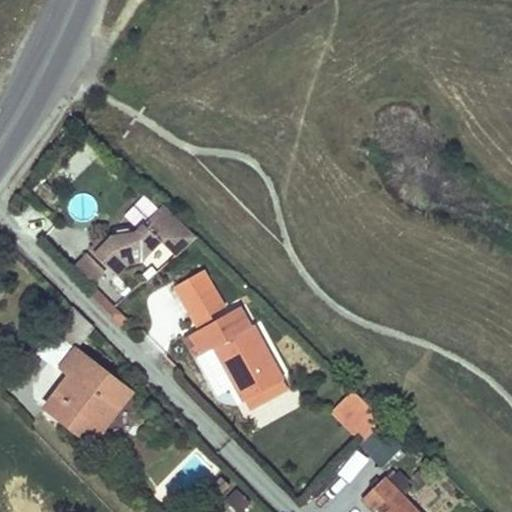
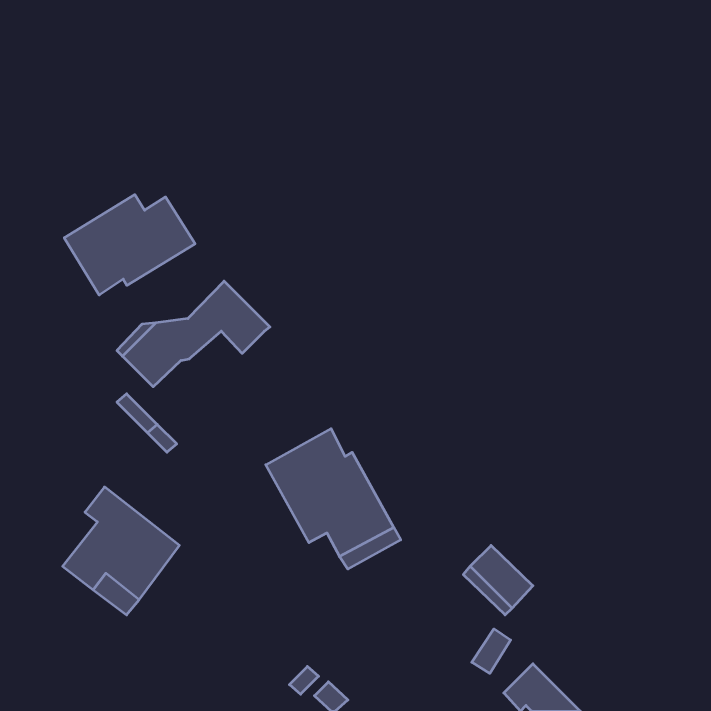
building: none -> [64,195,195,295]
building: [175,270,224,324] -> none

